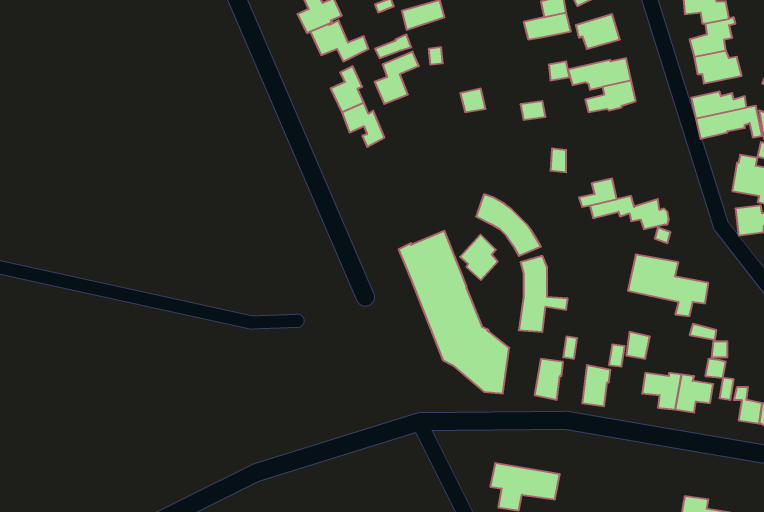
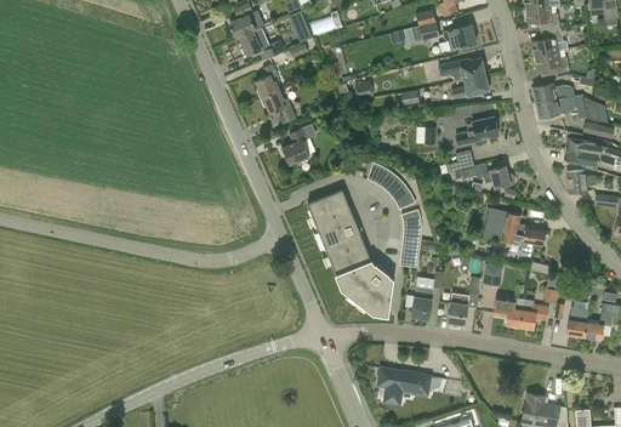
building: [375,52,419,104] -> [283,124,317,164]
building: none -> [456,116,497,144]
building: [460,235,498,280] -> none

